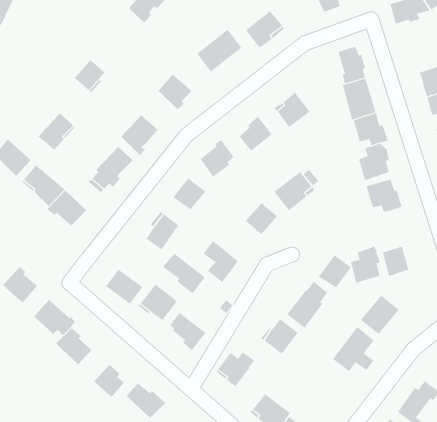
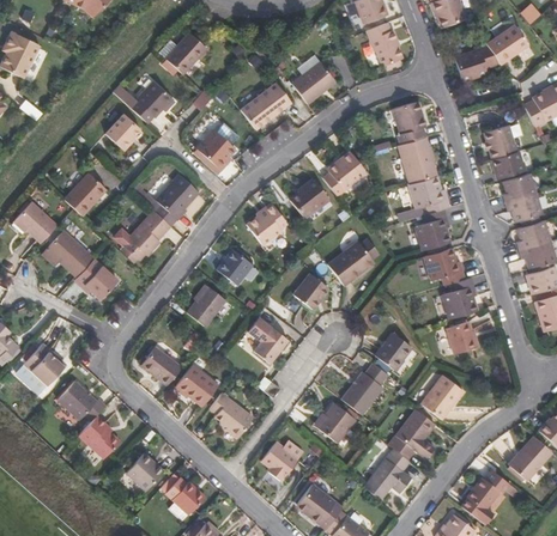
building: none -> [126,84,170,123]
building: [350,246,381,284] -> [446,276,479,318]
building: [162,253,205,294] -> none
building: none -> [363,451,411,500]

